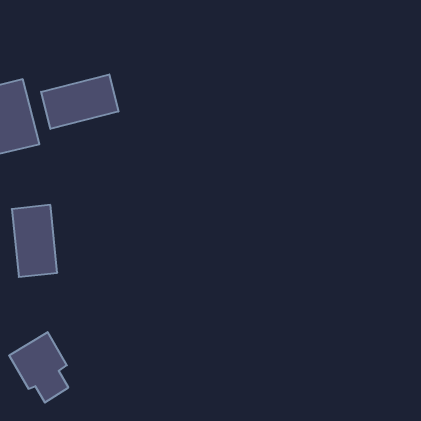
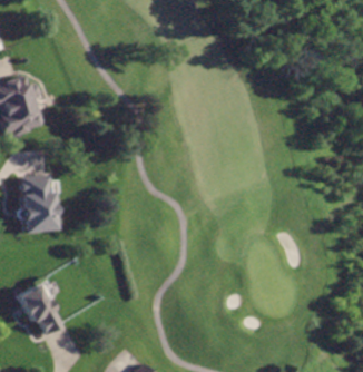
building: [41,74,118,129] -> none

